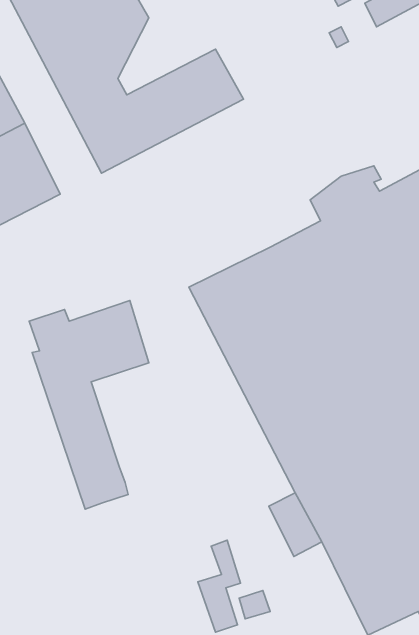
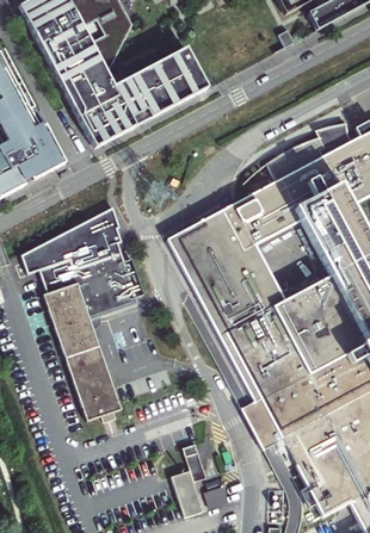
building: none -> [26,199,122,266]

